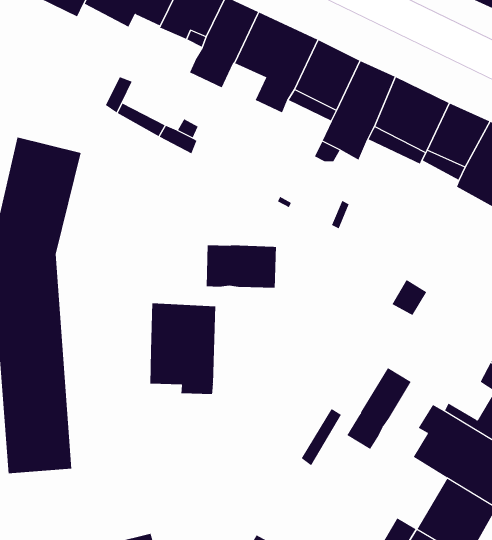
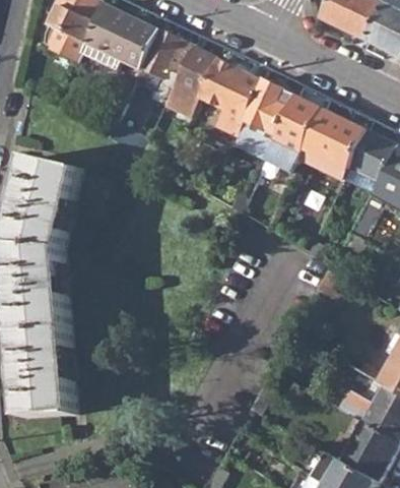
building: [206,244,276,289] -> none
building: [150,303,216,395] -> none
building: [347,367,412,450] -> none

